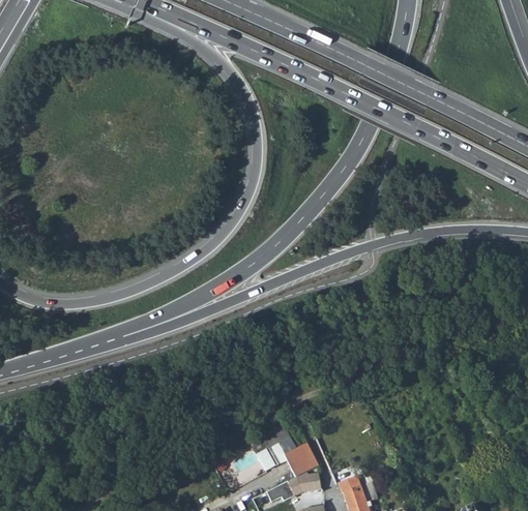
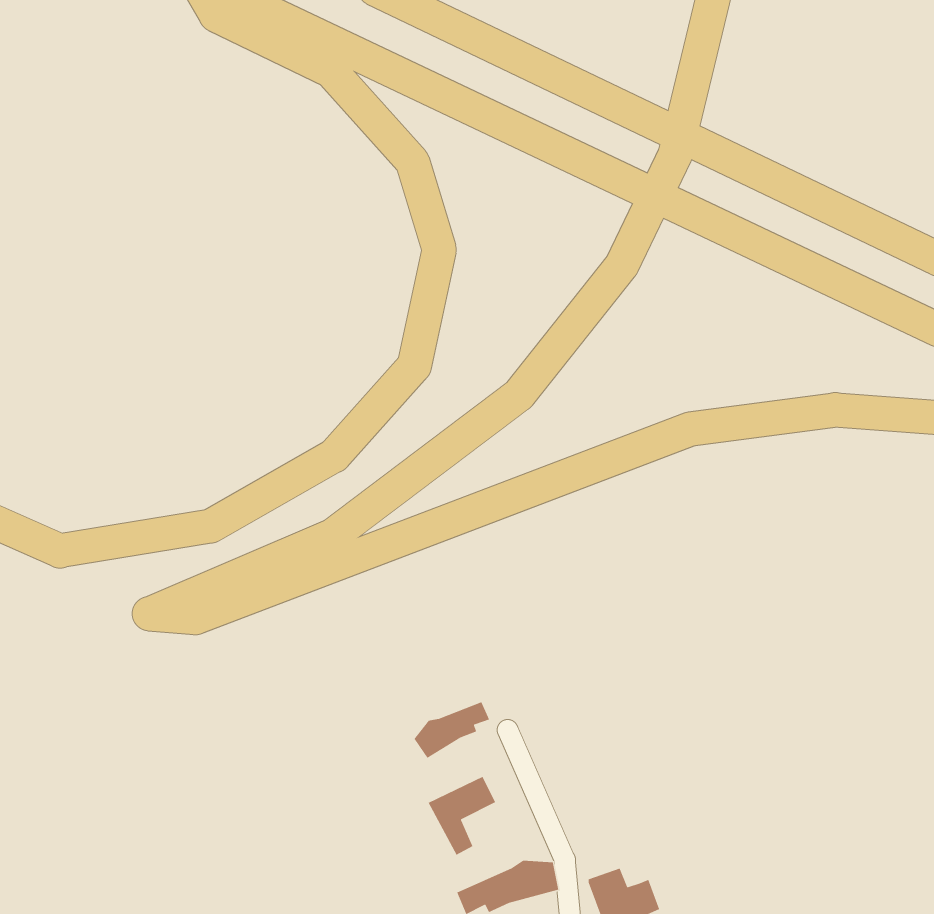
building: none -> [413,701,490,759]
building: [285,444,318,477] -> none

